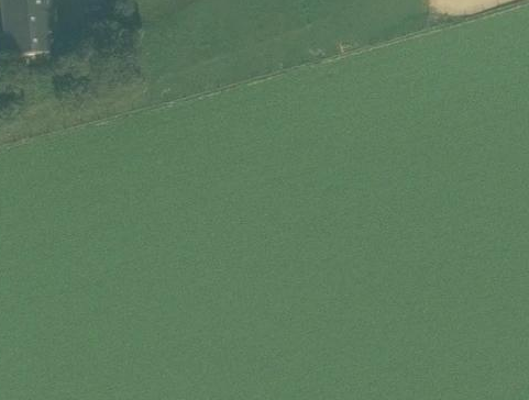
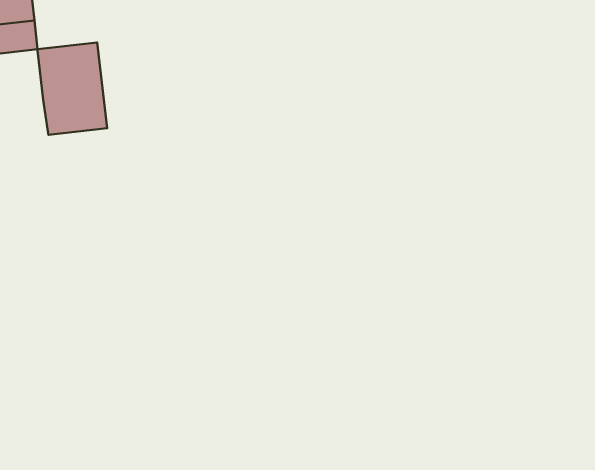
building: none -> [37,42,107,135]

